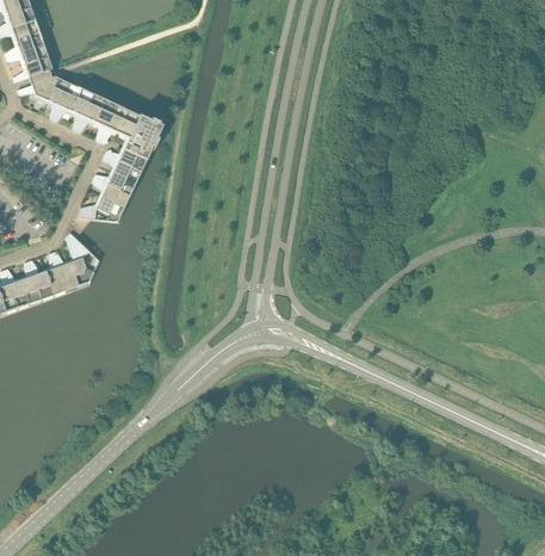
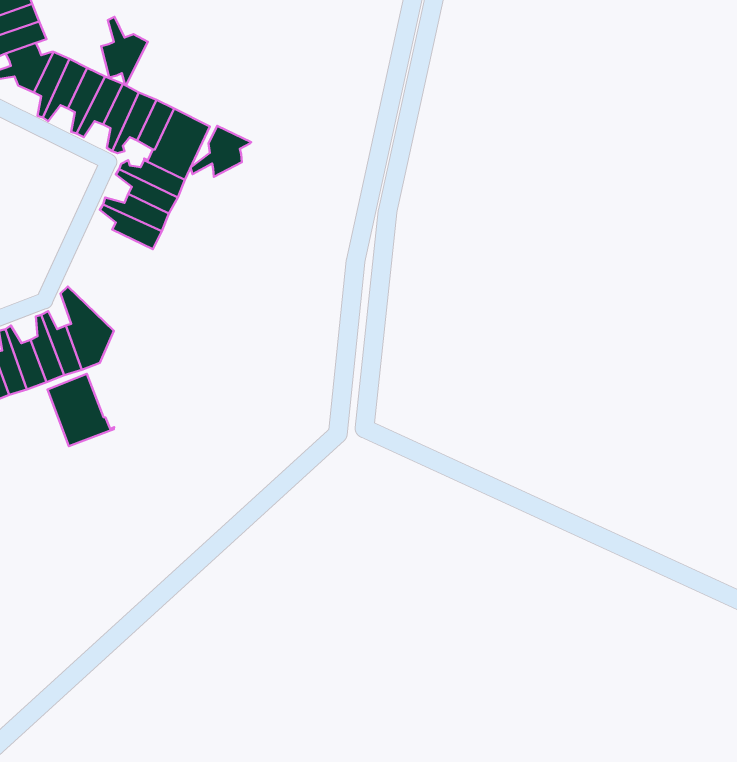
building: none -> [101,17,148,85]
building: none -> [191,126,251,177]
building: [78,194,126,222] -> none
building: none -> [48,374,114,446]

